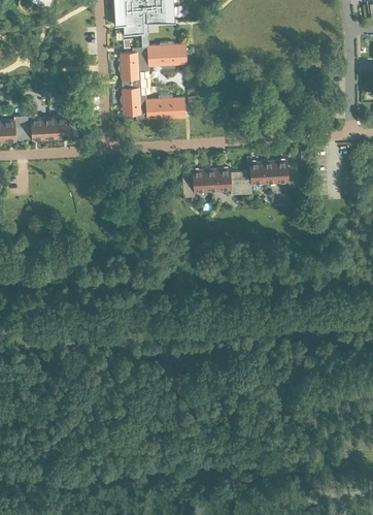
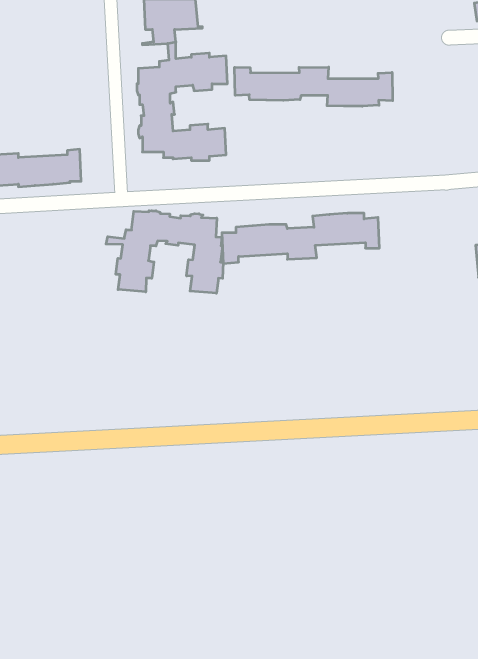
building: none -> [235,67,393,106]
building: none -> [106,211,223,293]

